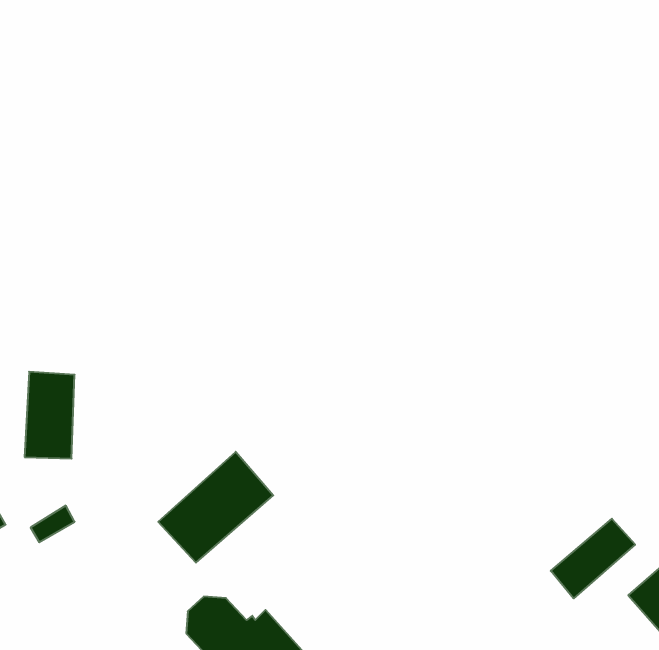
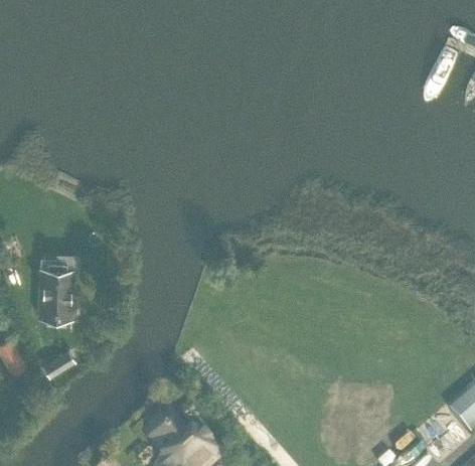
building: [158,452,273,563] -> none
building: [551,519,635,598] -> none

